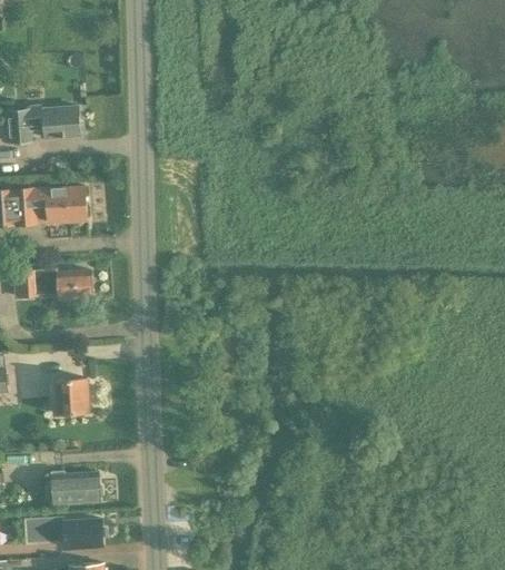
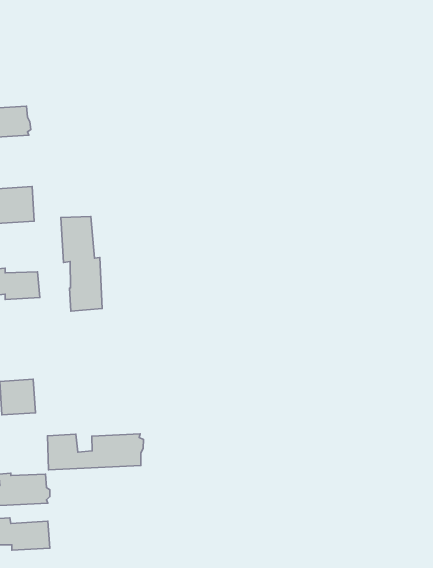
building: none -> [61,216,102,311]
building: none -> [47,434,144,470]

